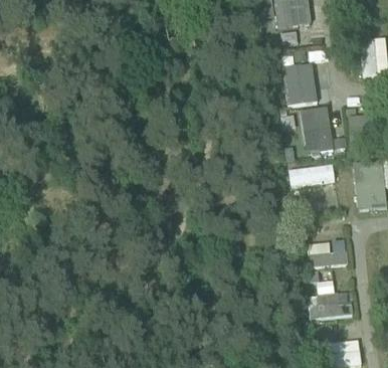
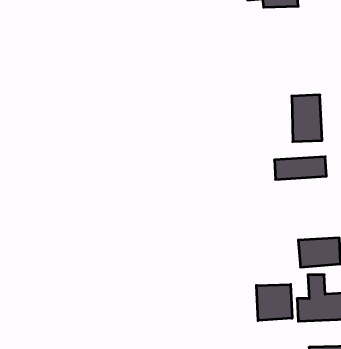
building: [285,52,316,106] -> none
building: none -> [256,284,292,321]

